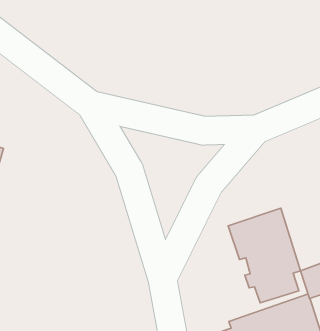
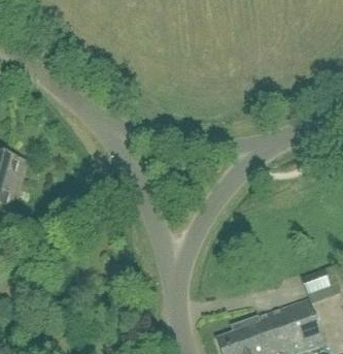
building: [228,208,301,303] -> none

